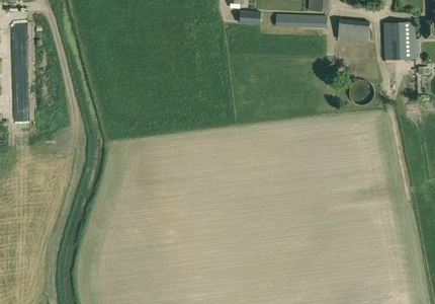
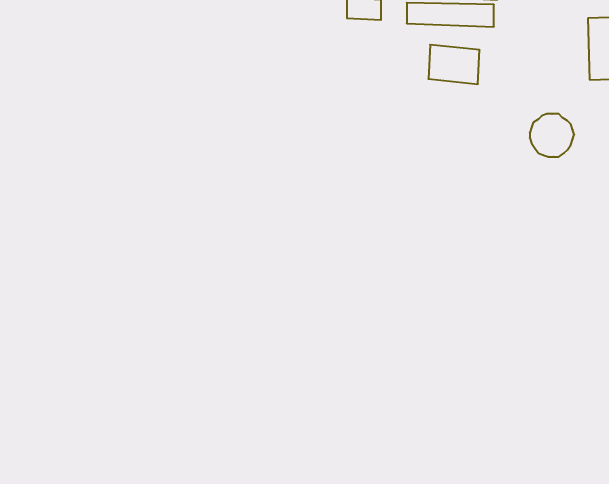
building: [338,19,368,43] -> [428,45,480,84]

